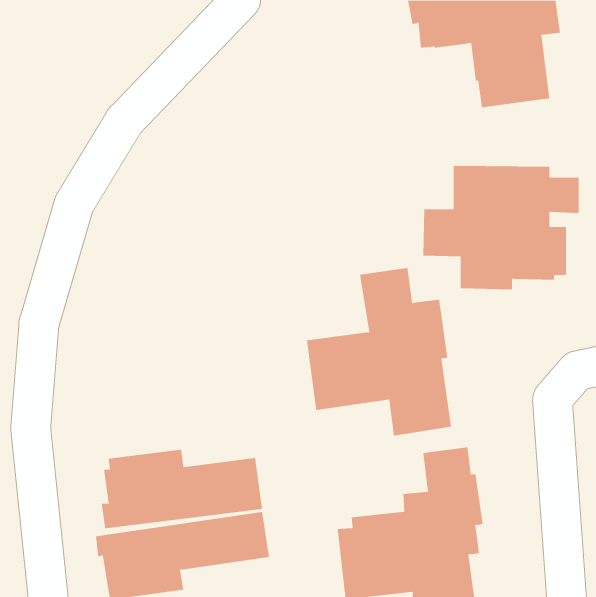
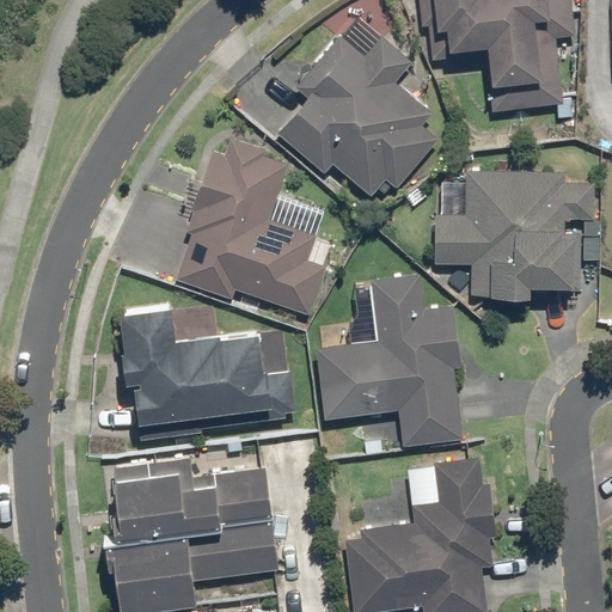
building: none -> [277,36,439,196]
building: none -> [176,139,326,316]
building: none -> [116,308,298,441]

